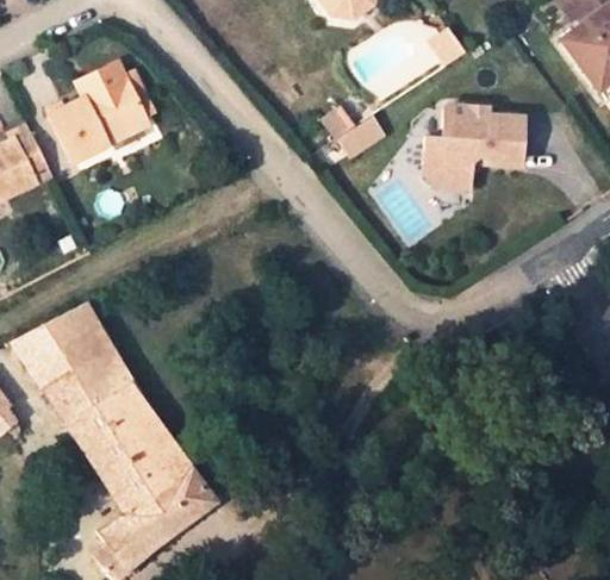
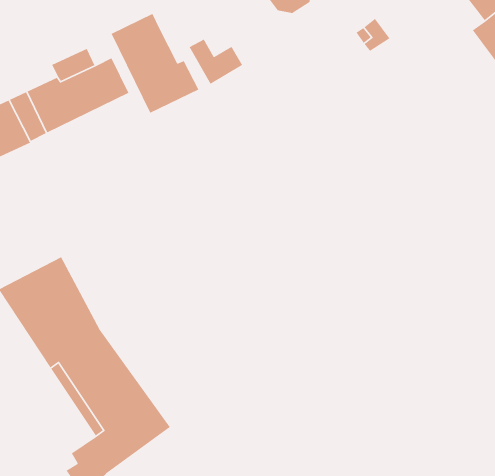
building: none -> [110,13,200,114]
building: [421,101,521,183] -> none
building: [320,106,384,160] -> [189,38,243,85]

